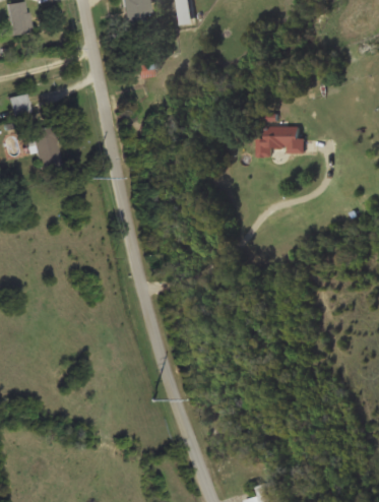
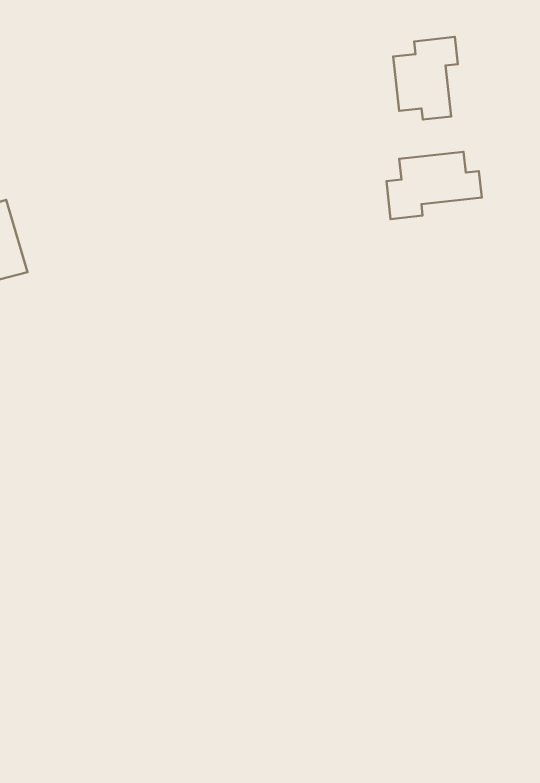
building: none -> [393,37,458,120]

